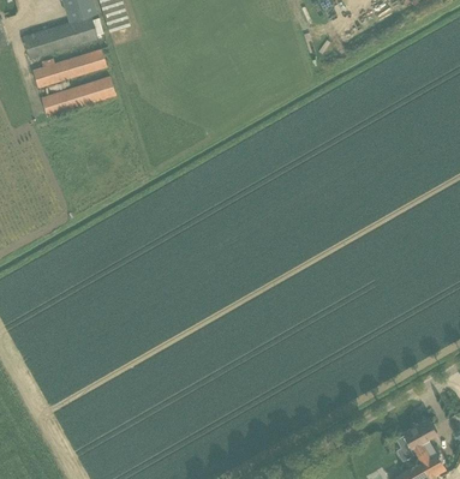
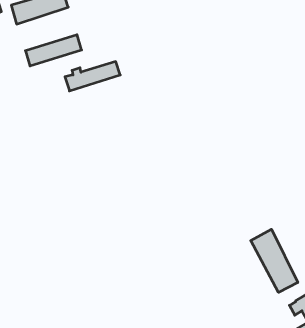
building: [32,49,107,89] -> [65,62,120,91]
building: none -> [251,229,298,292]

